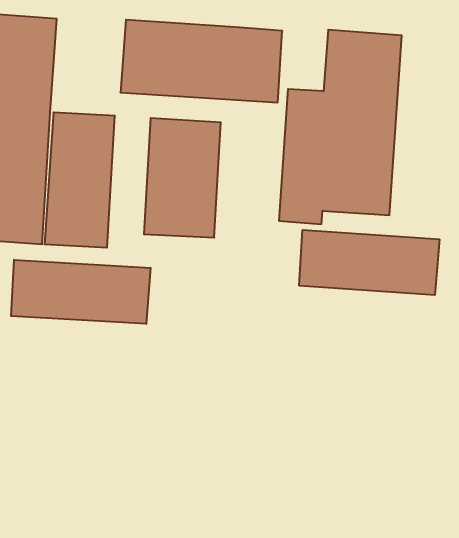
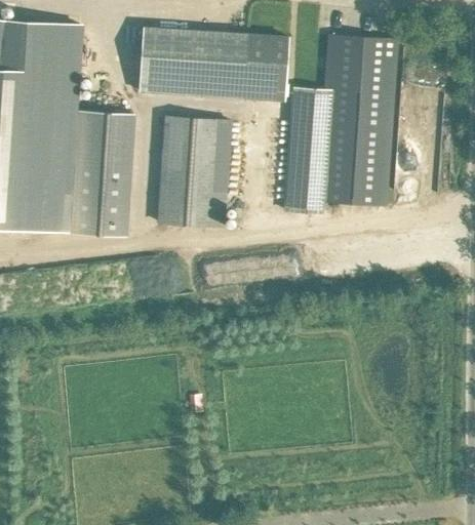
building: [299,230,439,295] -> none
building: [11,260,150,324] -> none

